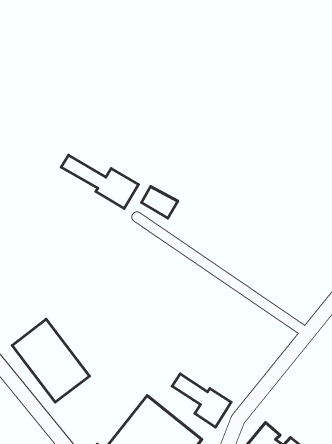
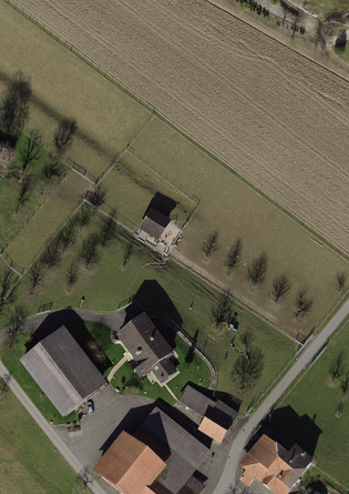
building: [61,155,139,209] -> none
building: none -> [114,315,172,376]

